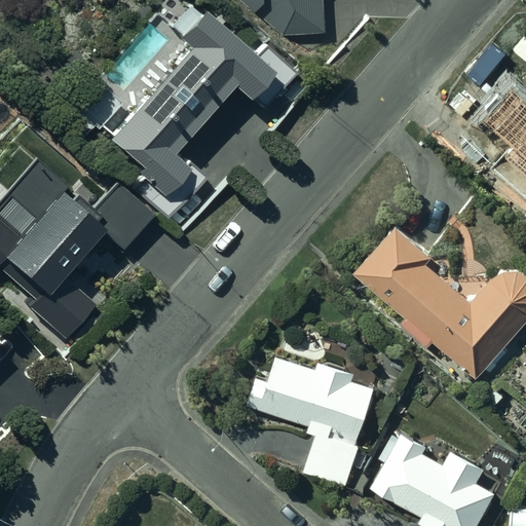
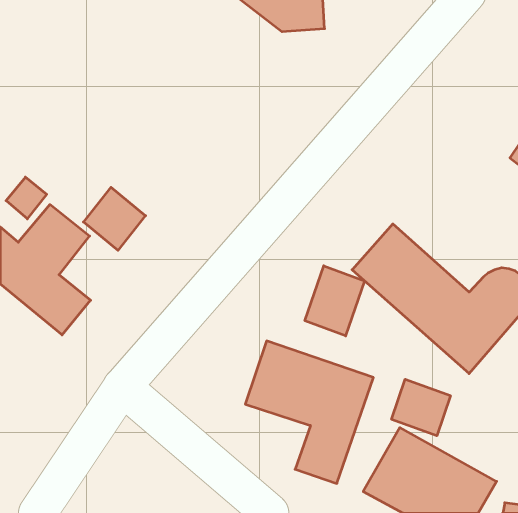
building: [111,22,292,214] -> none
building: none -> [305,266,364,336]
building: none -> [392,379,450,436]

